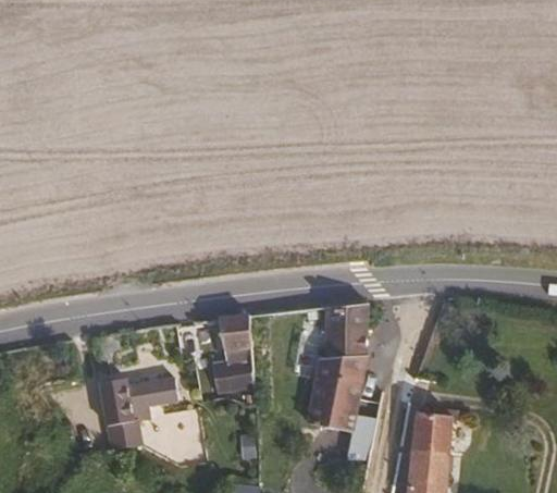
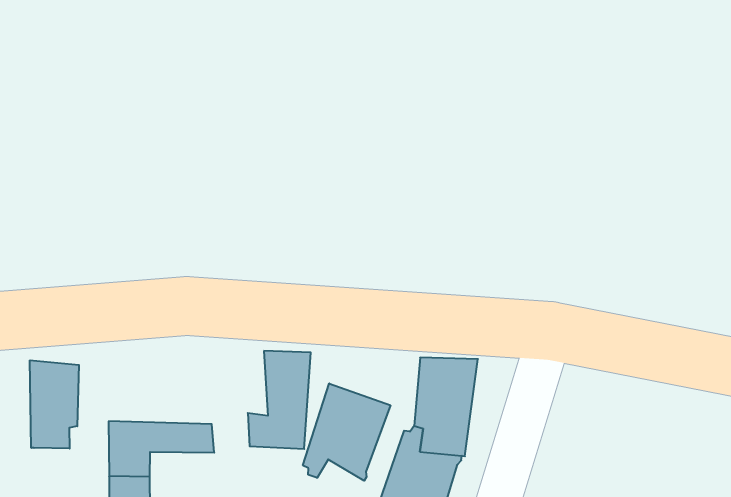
building: none -> [303,383,390,481]
building: none -> [30,360,79,449]

